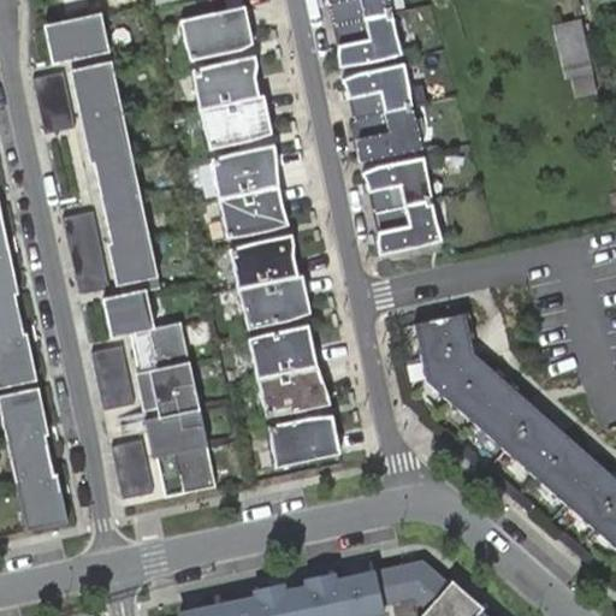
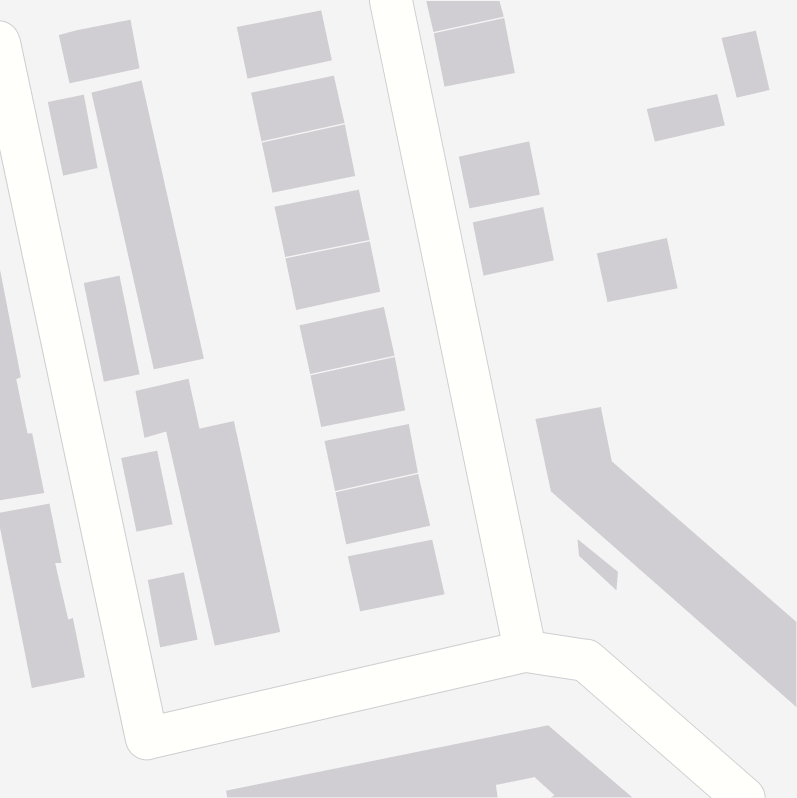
building: [344,66,408,120] -> none
building: none -> [646,93,726,142]
building: [372,201,436,251] -> [596,237,679,303]

